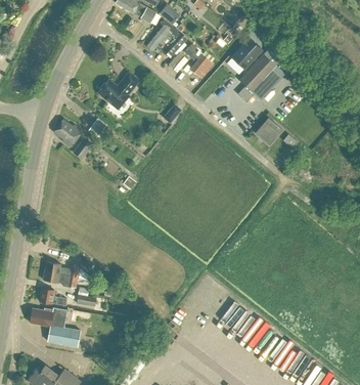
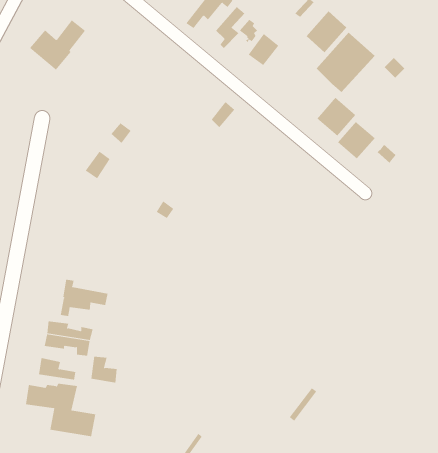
building: [98,72,139,109] -> [29,20,86,71]
building: none -> [317,97,356,137]
building: [54,120,82,147] -> none
building: none -> [60,279,108,317]

